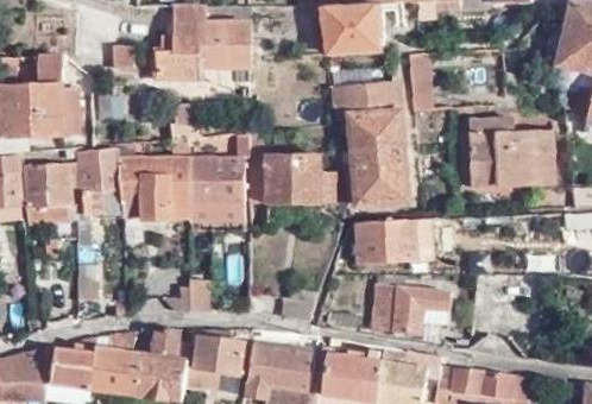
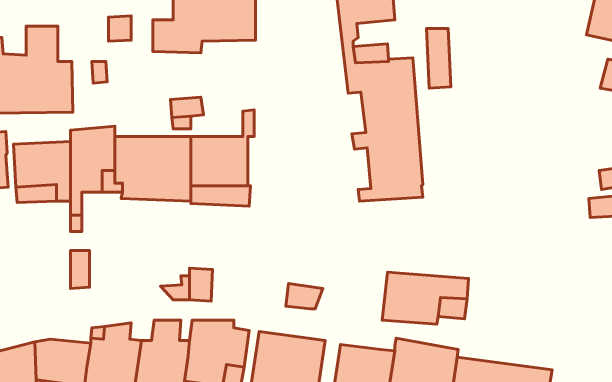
building: [478,122,556,187] -> none
building: [247,131,332,203] -> none
building: [354,217,432,263] -> none

